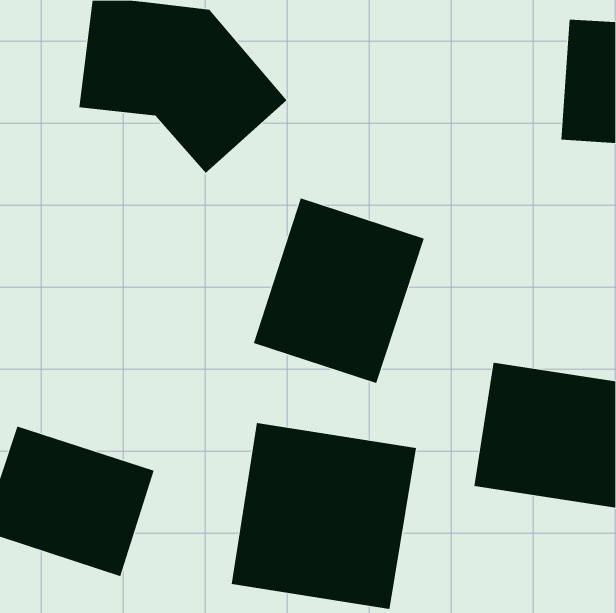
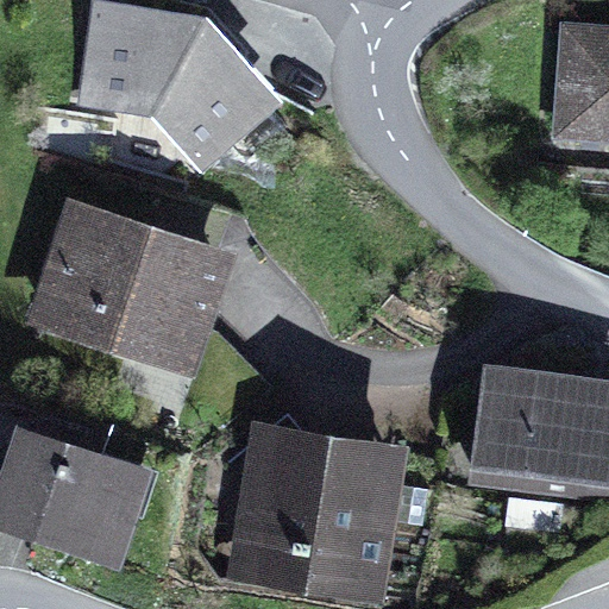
building: none -> [25,197,238,381]
building: [253,198,425,384] -> none

